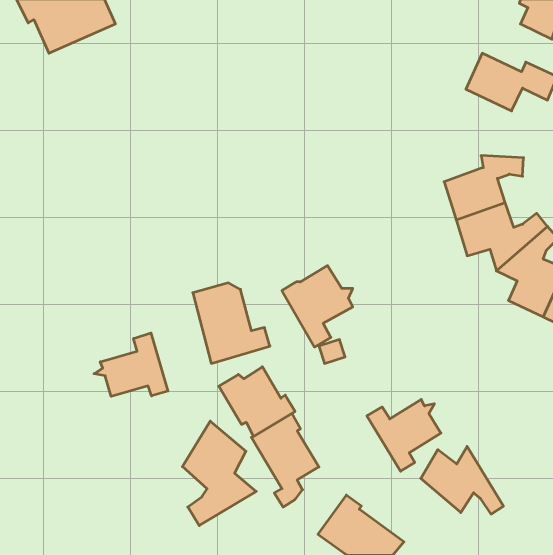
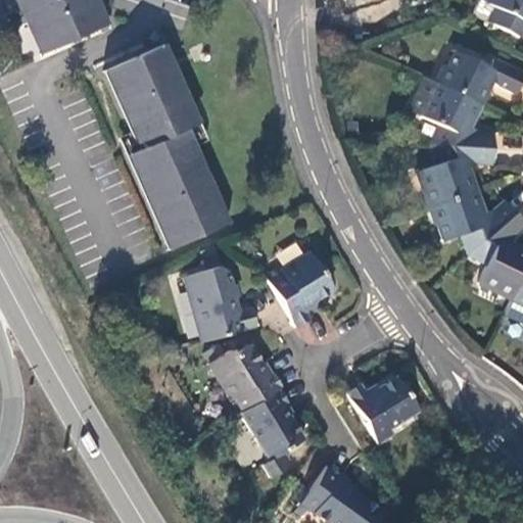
building: none -> [109,45,229,248]
building: none -> [422,78,494,148]
building: [94,333,168,396] -> none
building: [182,421,256,526] -> none
building: [421,446,503,514] -> none

